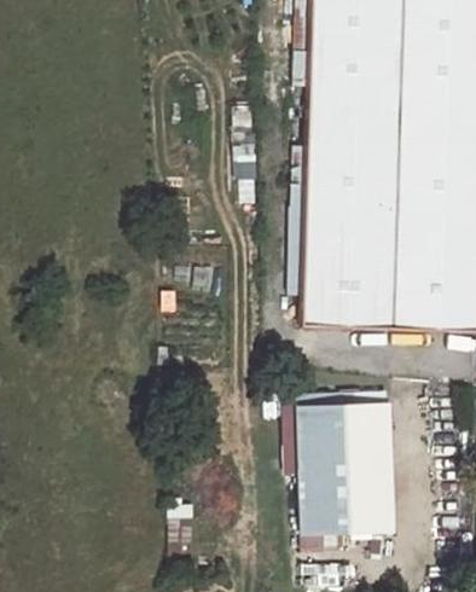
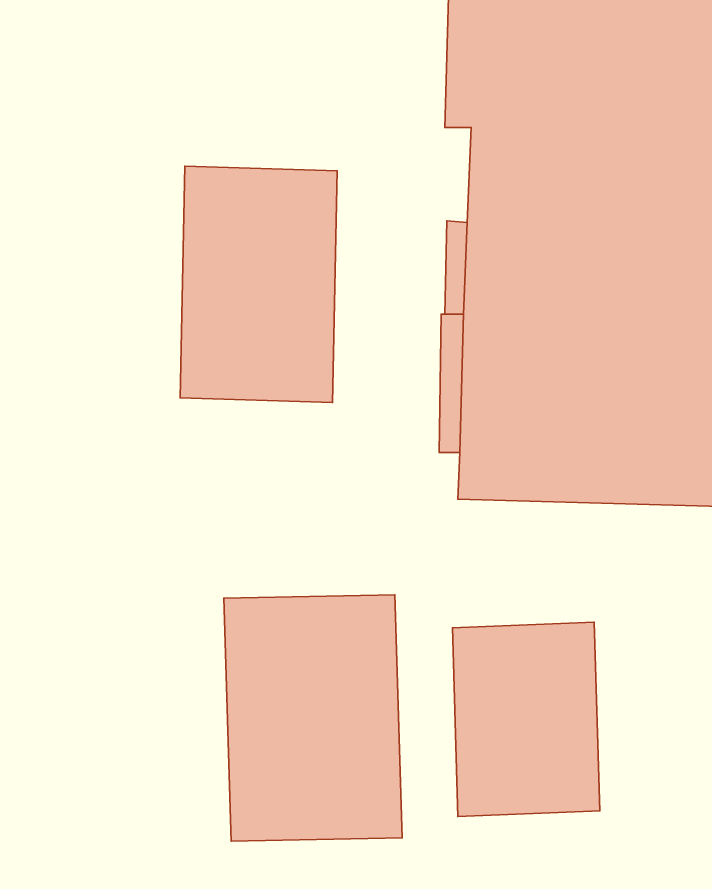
building: none -> [180,166,337,403]
building: none -> [224,595,402,841]

